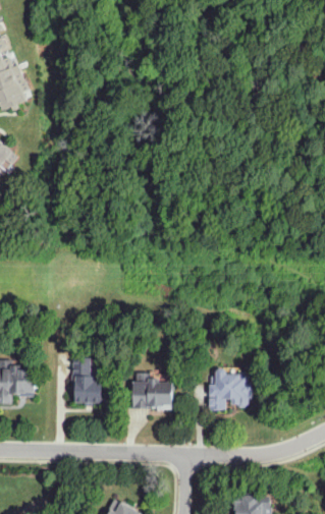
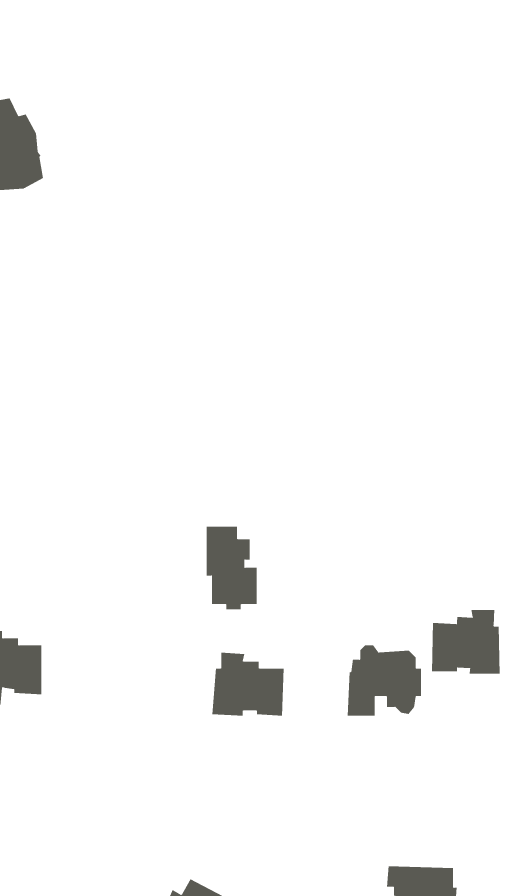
building: none -> [432,609,500,674]
building: [72,358,102,406] -> [206,526,258,610]

